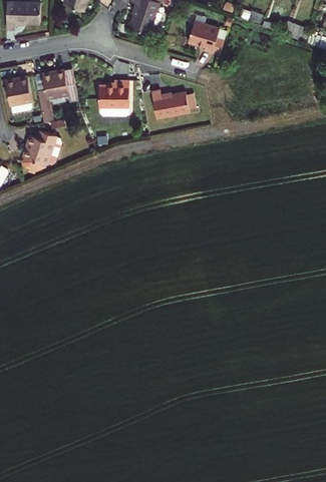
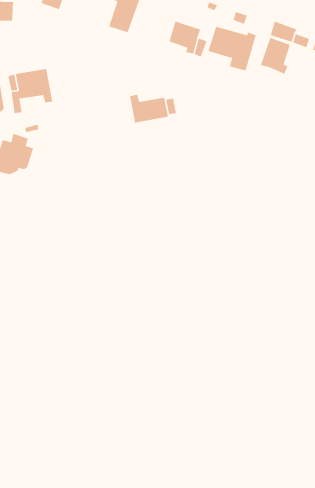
building: none -> [207,26,257,71]
building: none -> [260,37,291,75]
building: [96,79,127,114] -> none

